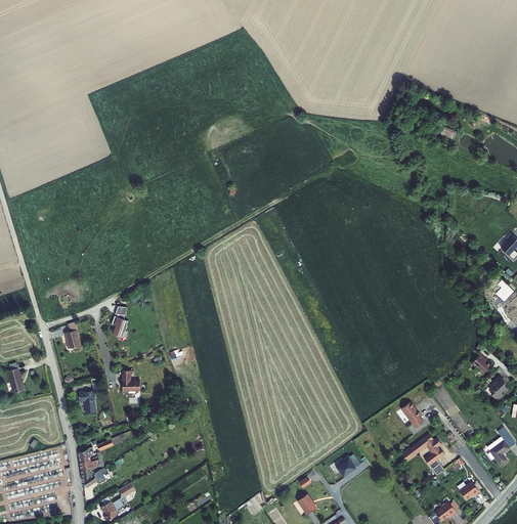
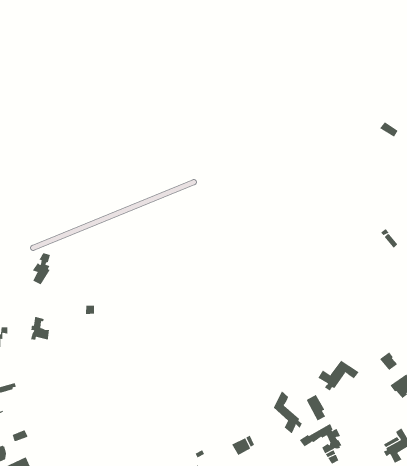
building: none -> [317,360,359,392]
building: none -> [273,390,302,434]

